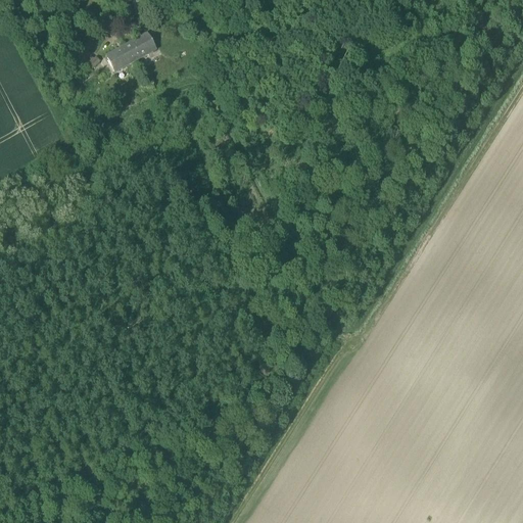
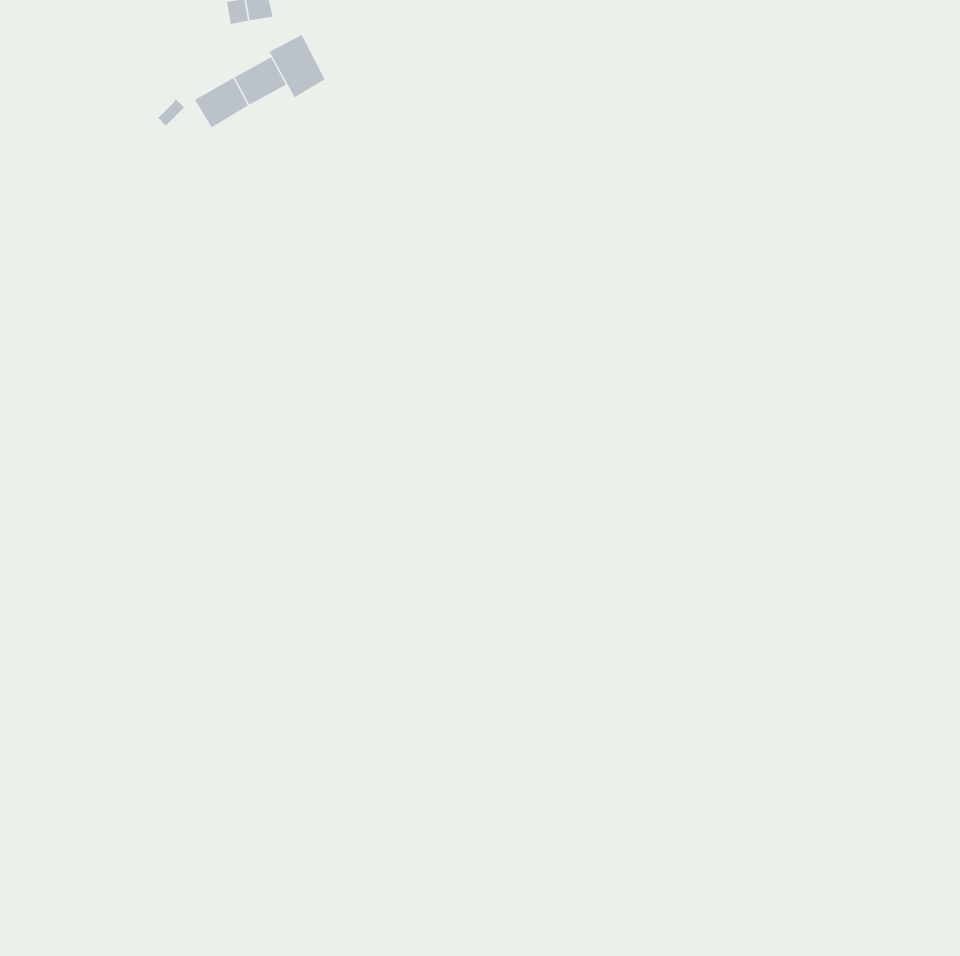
building: none -> [269,34,326,98]

